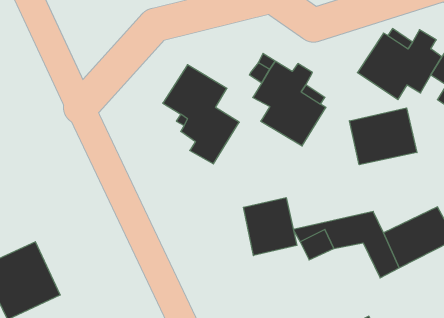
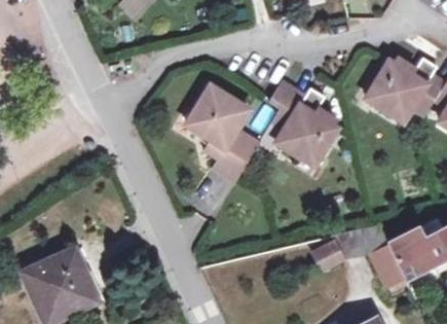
building: [349,108,417,165] -> none
building: [243,198,297,256] -> none

